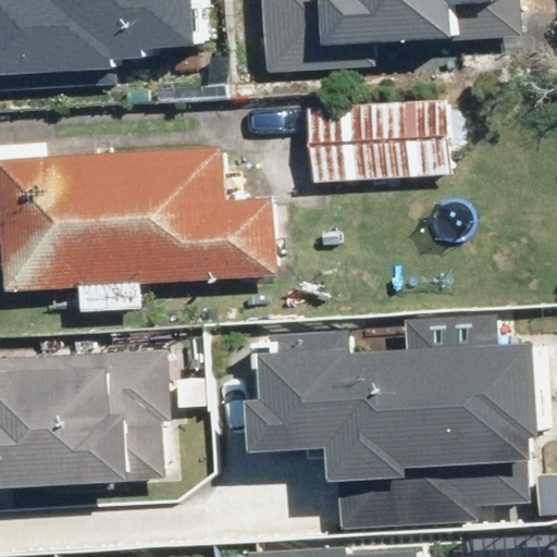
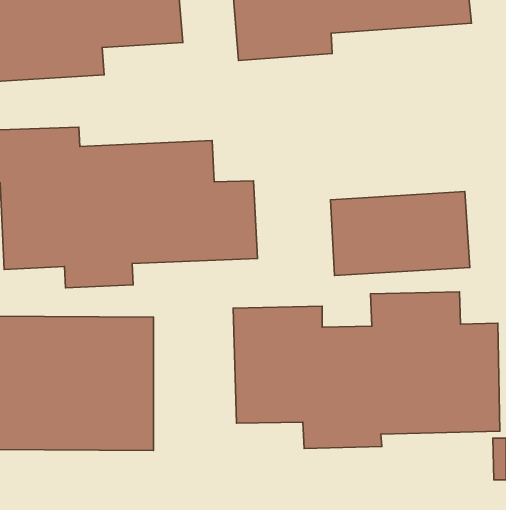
building: [295,97,445,187] -> [331,192,470,275]

